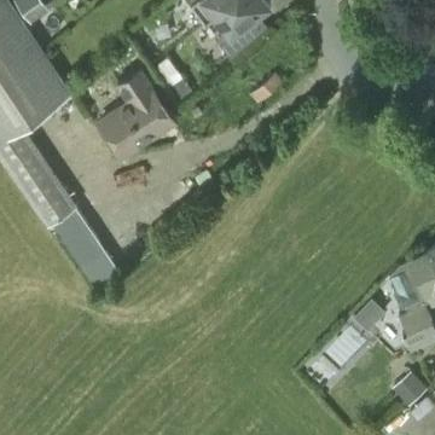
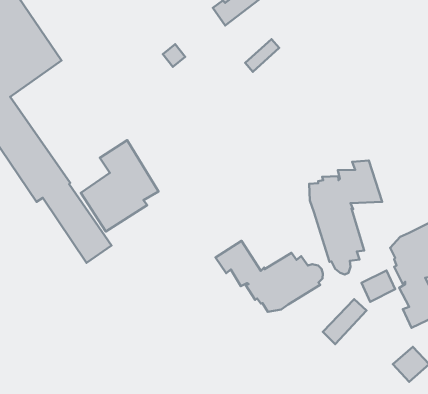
building: [97,69,172,157] -> [81,140,158,231]
building: none -> [309,160,382,274]
building: none -> [216,241,323,312]

